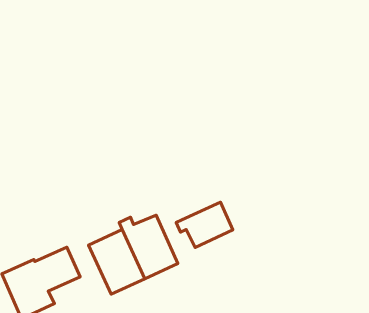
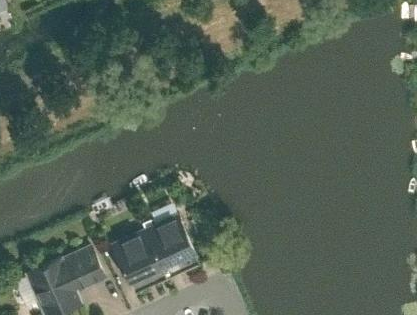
building: [176,202,233,248] -> none

